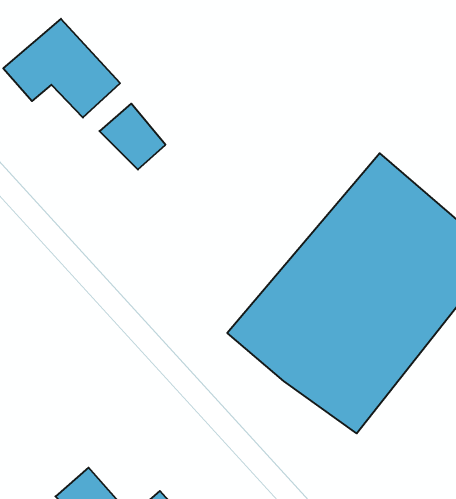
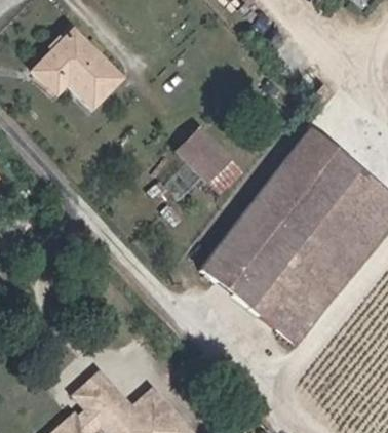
building: [99,104,165,170] -> [176,129,225,179]

